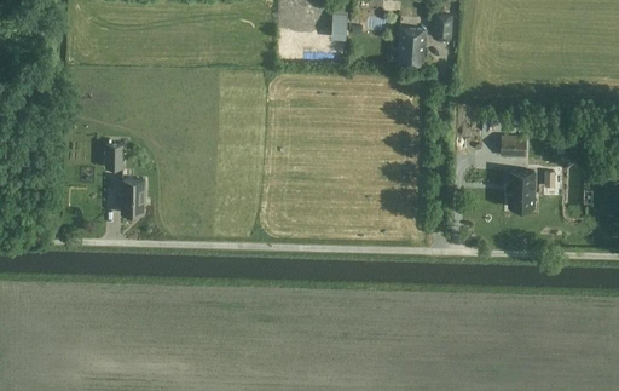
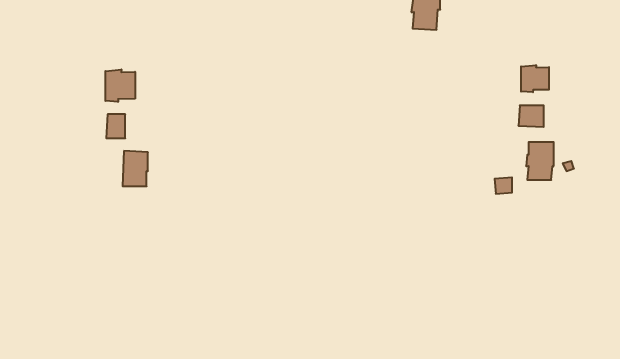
building: none -> [521,65,549,92]
building: none -> [105,69,135,102]

